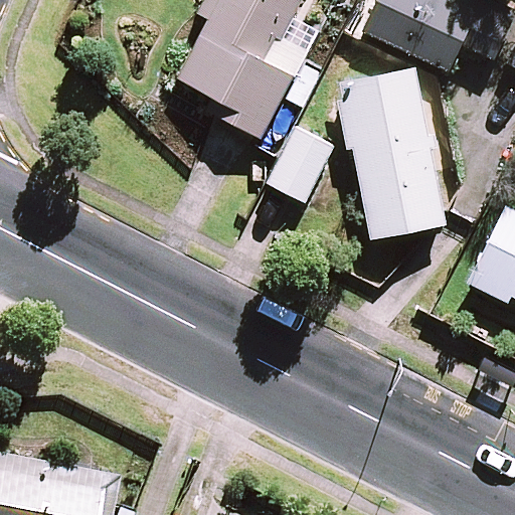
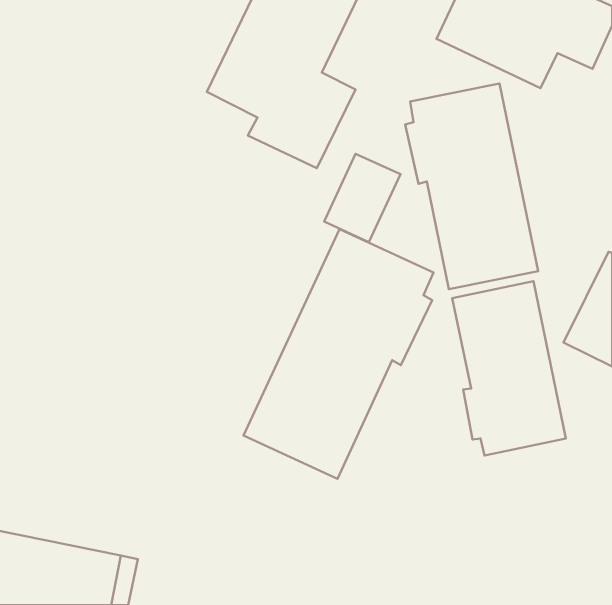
building: none -> [244,229,433,479]
building: none -> [452,281,566,456]

